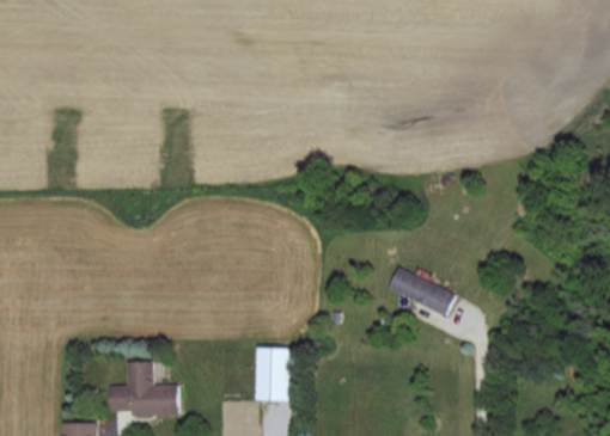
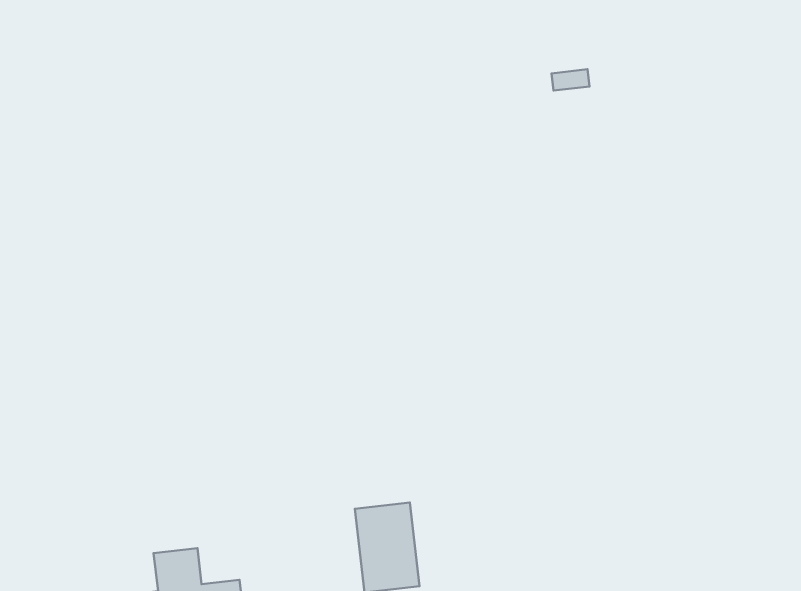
building: [388,268,458,315] -> none

